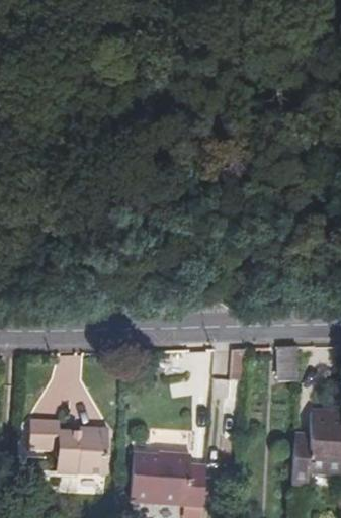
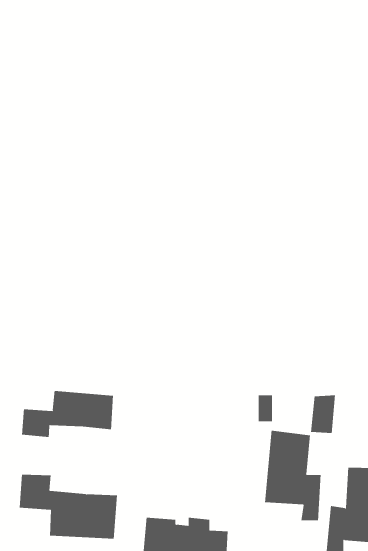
building: none -> [22,390,114,438]
building: none -> [265,430,321,521]

